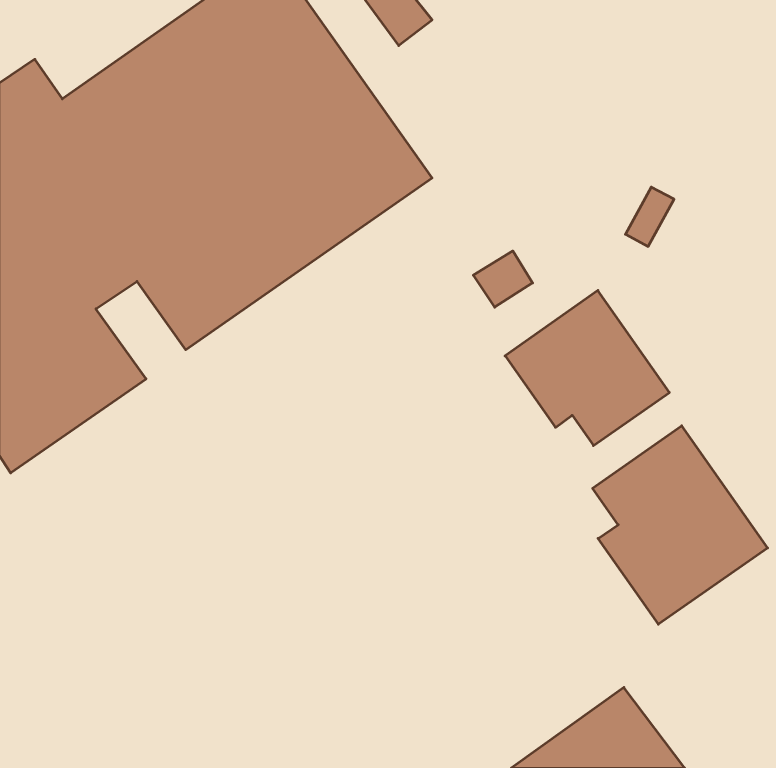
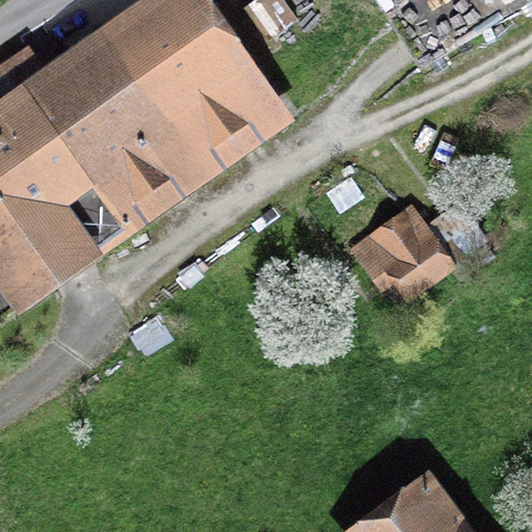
building: [593,426,768,624] -> none

